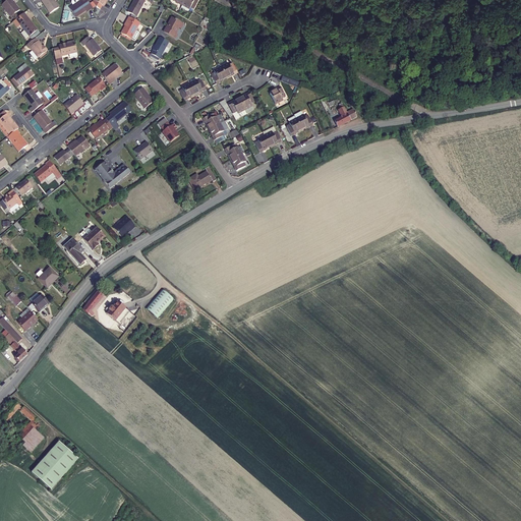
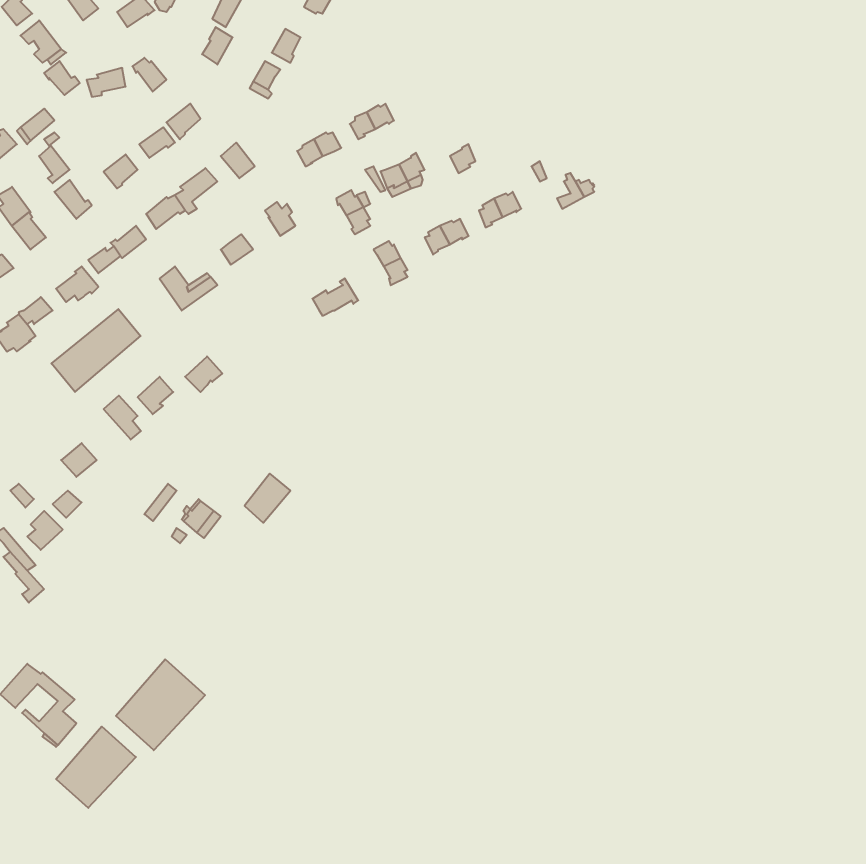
building: none -> [51,309,141,392]
building: none -> [116,659,205,750]

